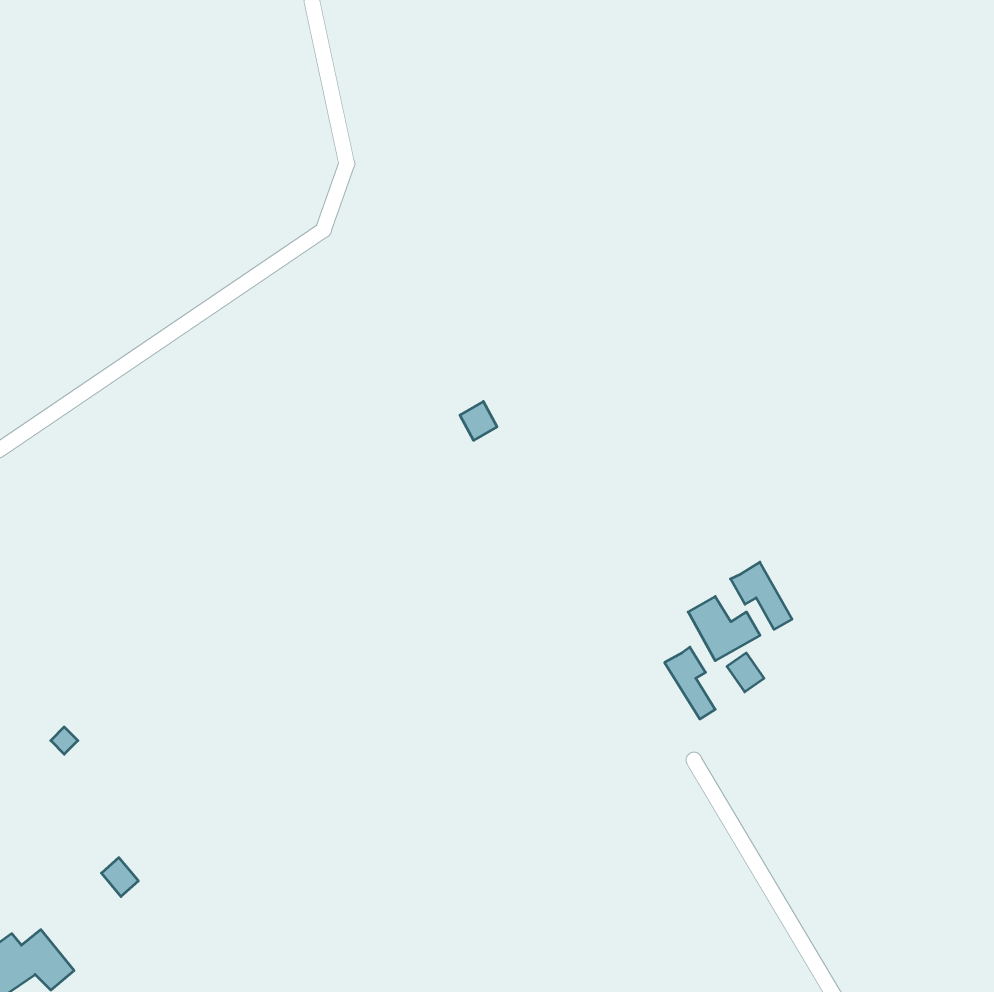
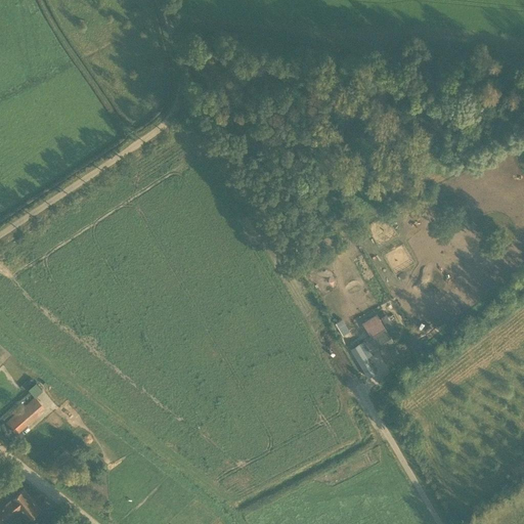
building: [730,562,792,629] -> none
building: none -> [5,402,43,436]

